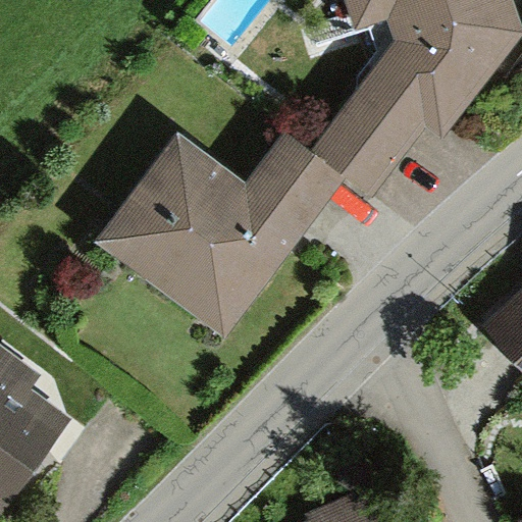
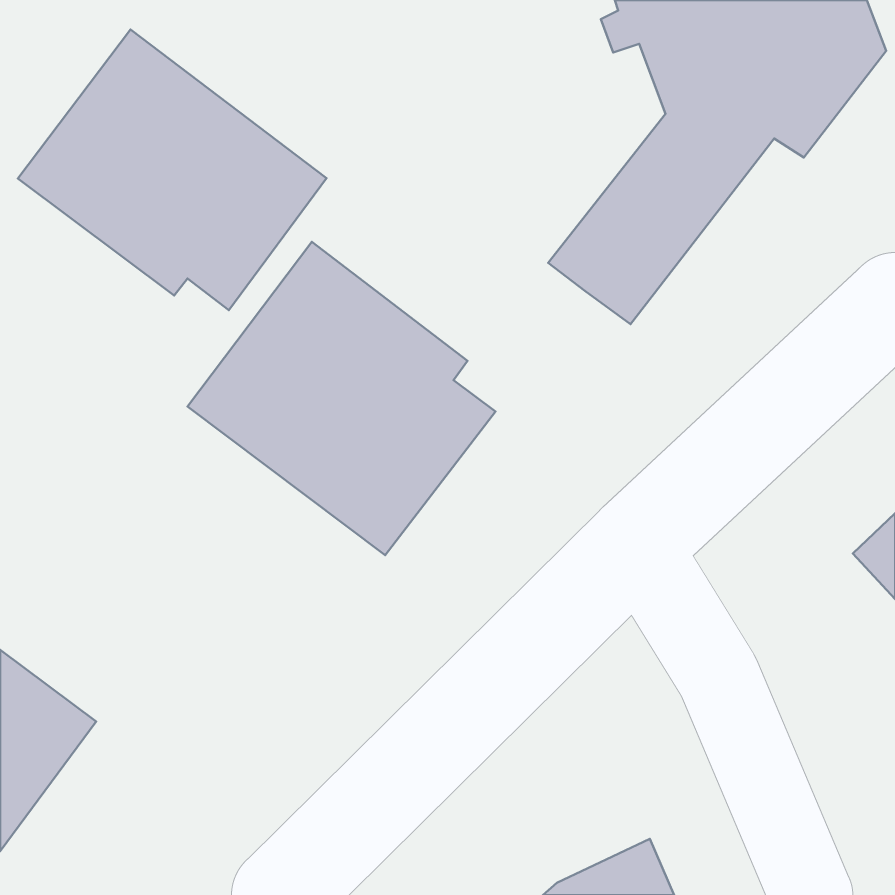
building: none -> [18,30,327,310]
building: [259,137,341,218] -> none

